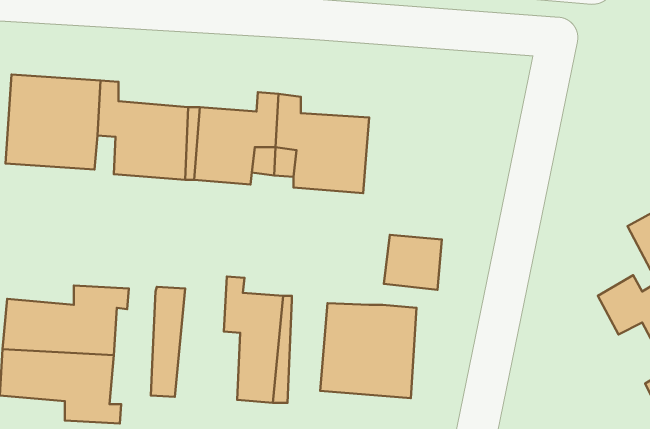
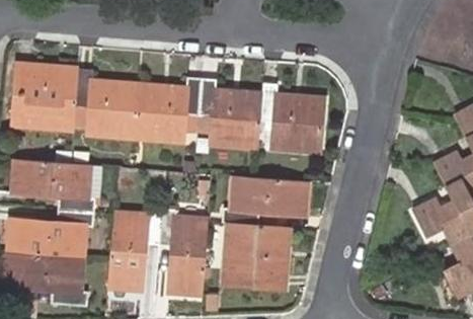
building: none -> [256,81,321,149]
building: none -> [12,157,95,210]
building: none -> [222,171,272,221]
building: none -> [126,202,161,285]

